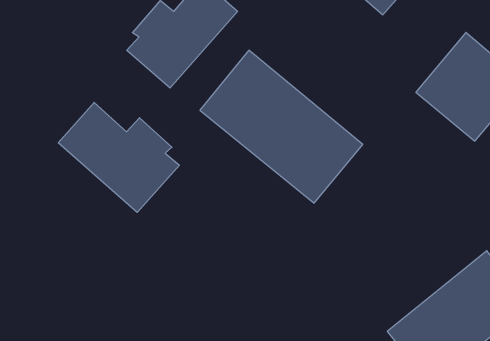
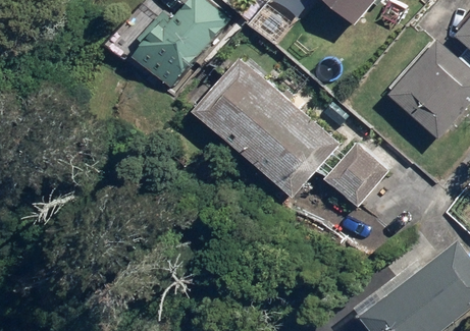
building: [58,102,179,212] -> none
building: none -> [322,139,390,207]

